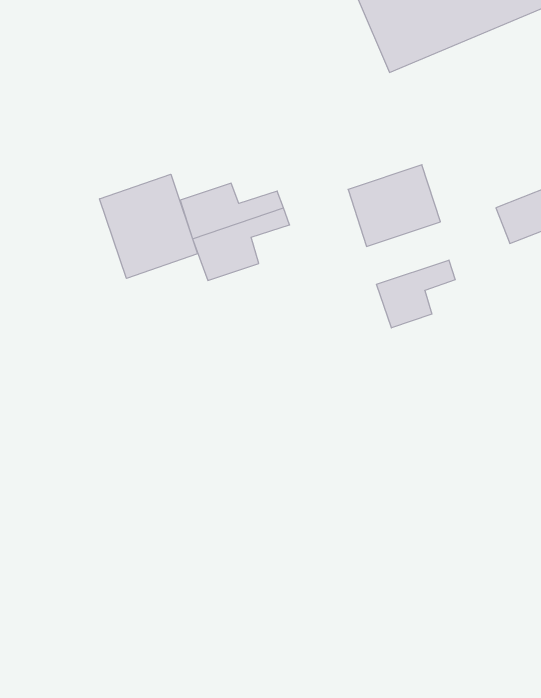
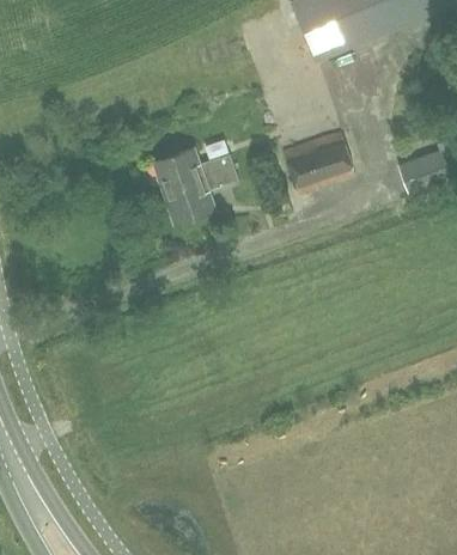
building: [100,174,198,278] -> none
building: [376,260,455,328] -> none

